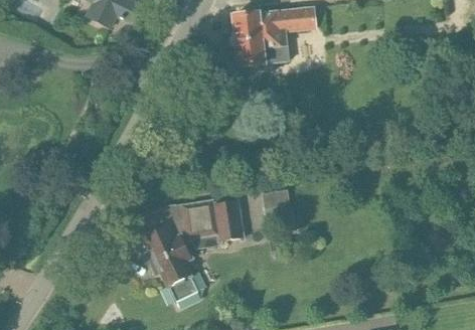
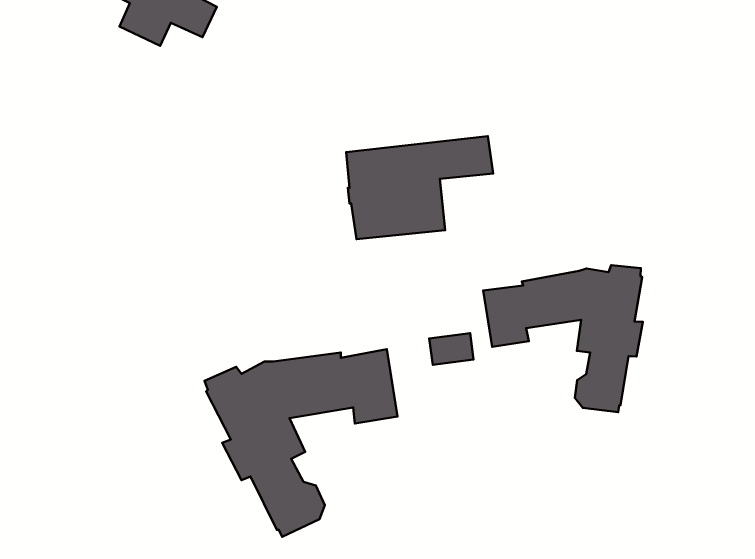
building: [231,7,315,65] -> [346,136,493,239]
building: none -> [483,265,643,412]

